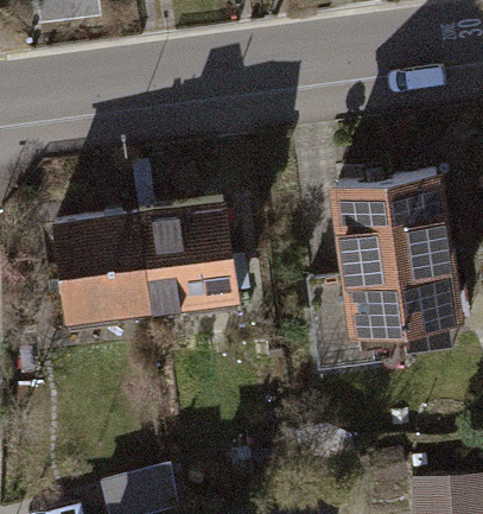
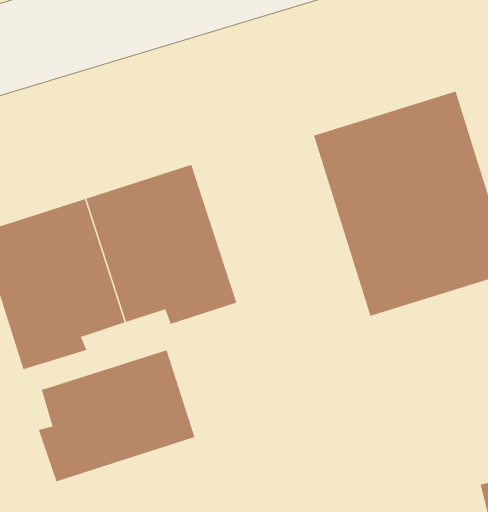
building: none -> [38,349,195,482]

